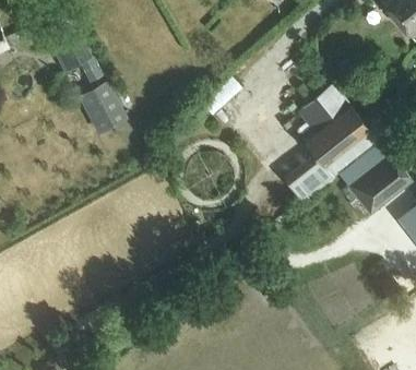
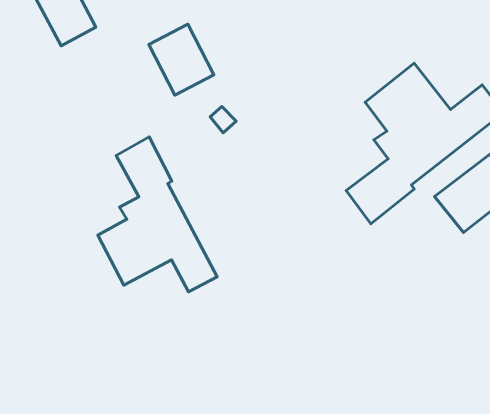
building: [76,81,126,134] -> [149,24,214,95]
building: none -> [98,137,217,292]

